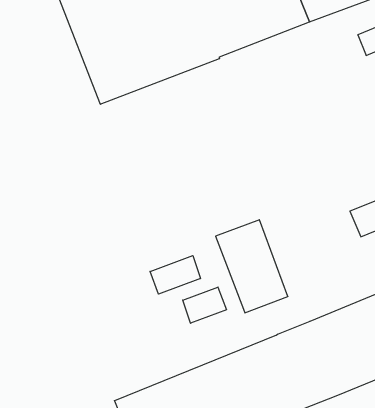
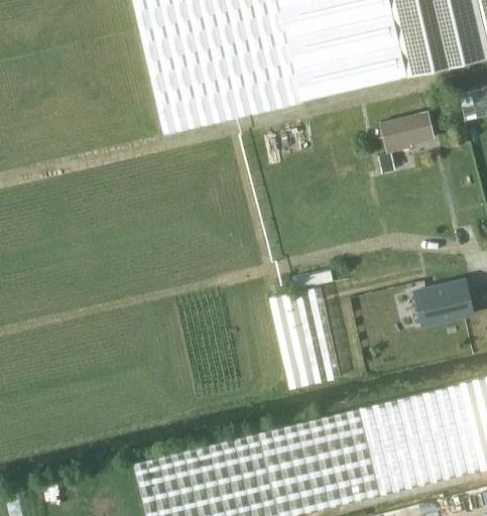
building: none -> [380,110,437,173]
building: [150,256,200,294] -> none
building: [183,287,227,323] -> none

